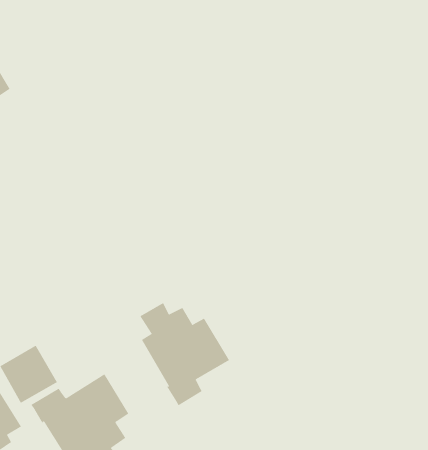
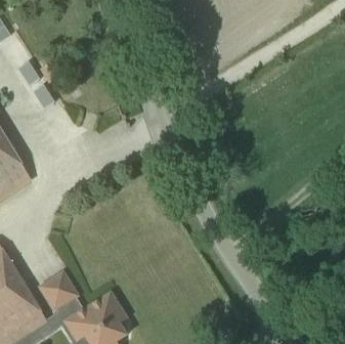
building: [140,302,230,406] -> none

